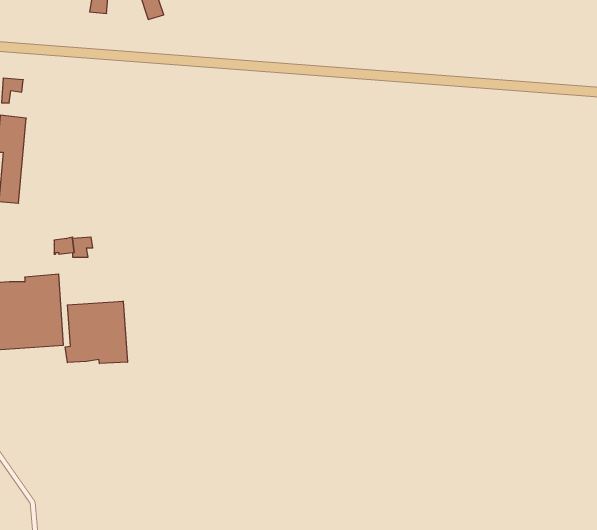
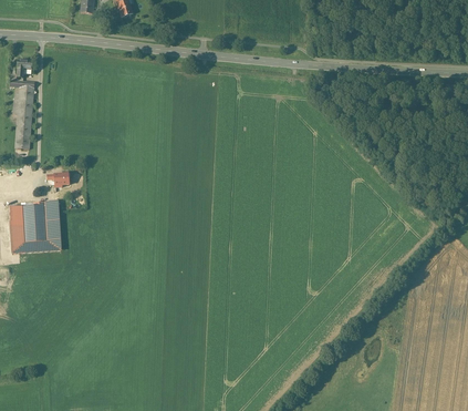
building: [65,301,127,364] -> none

